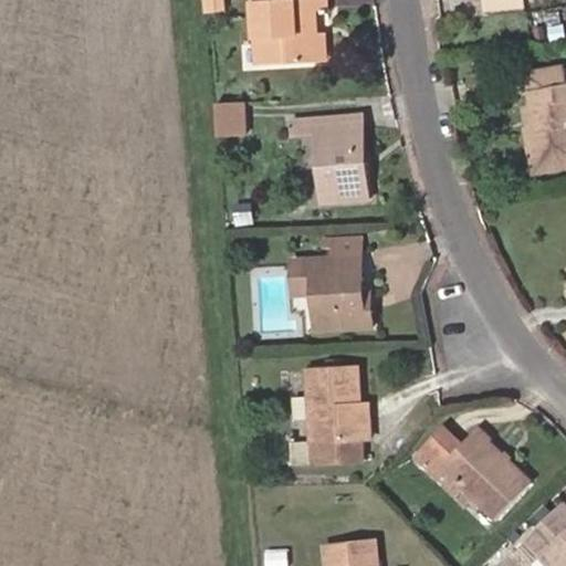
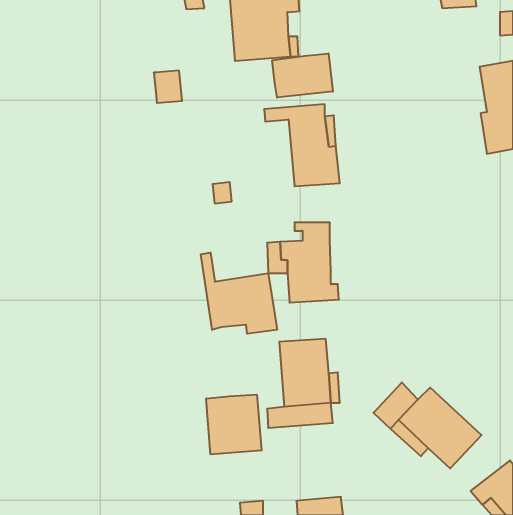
building: none -> [272,53,333,98]
building: [212,103,243,138] -> [154,71,182,103]
building: none -> [201,253,277,334]
building: none -> [206,395,262,454]

